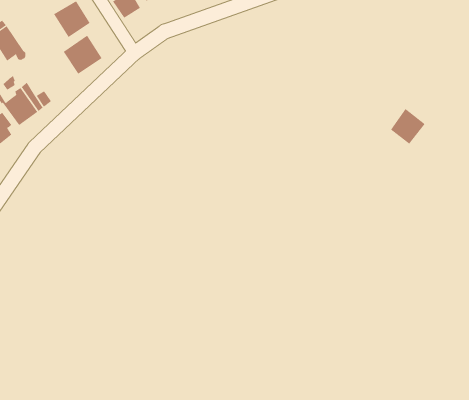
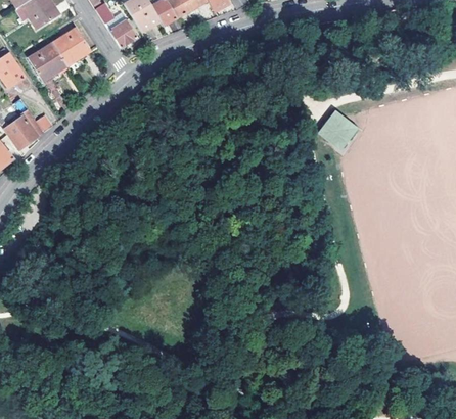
building: [63,35,103,74] -> [30,43,67,81]
building: [390,108,425,145] -> [321,113,355,148]

